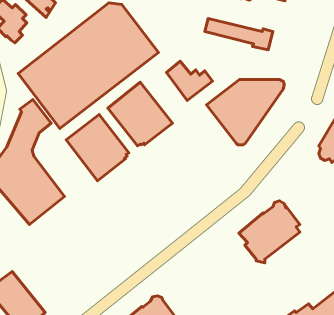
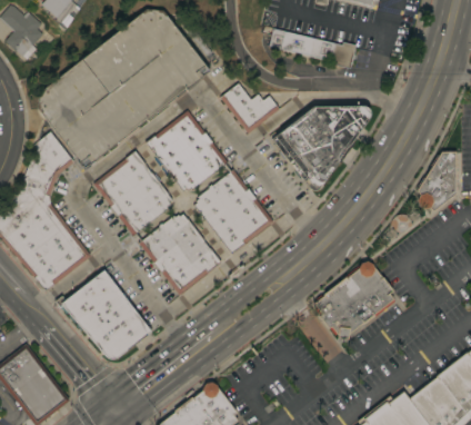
building: none -> [194,169,274,254]
building: none -> [140,212,222,294]
building: none -> [57,269,152,358]

